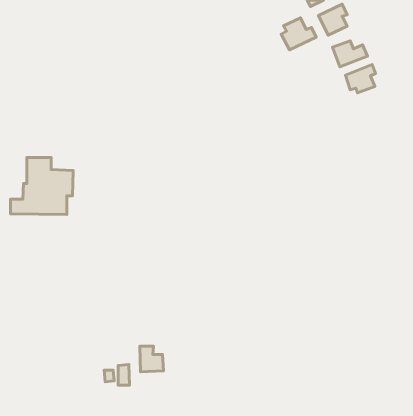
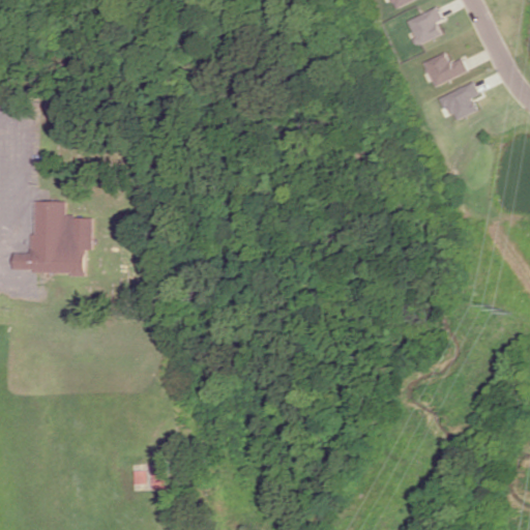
building: [281,18,316,50] -> none
building: [140,346,163,372] -> none

